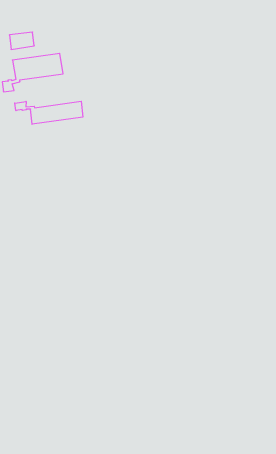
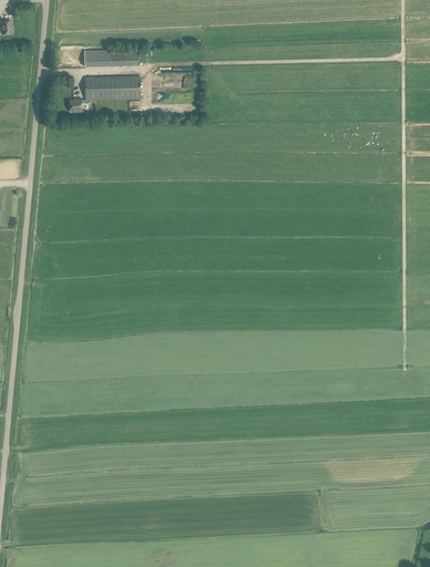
building: [15,101,83,124] -> none

